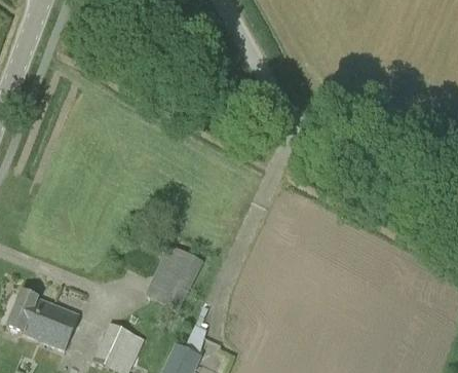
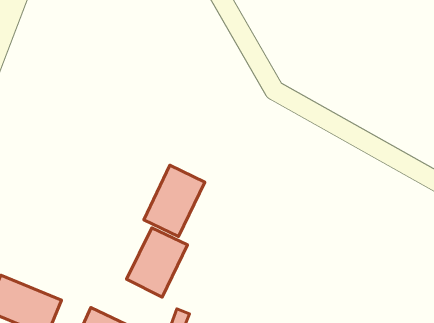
building: none -> [144,165,205,237]

